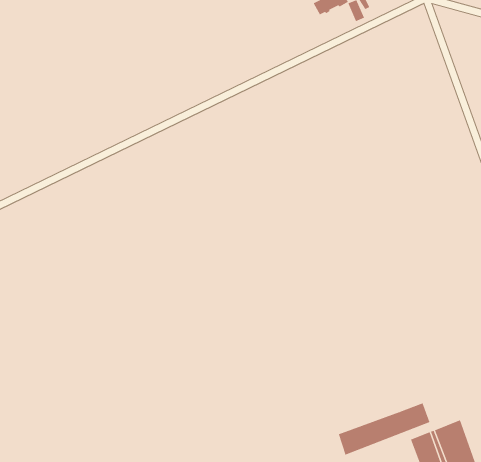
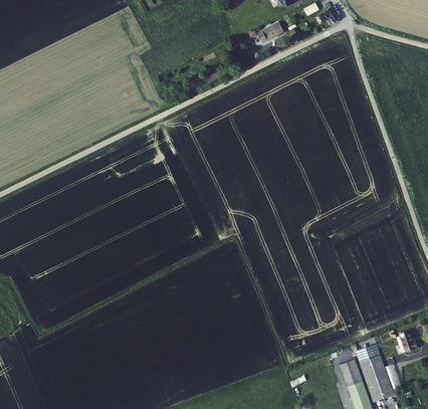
building: [338,403,430,455] -> none

